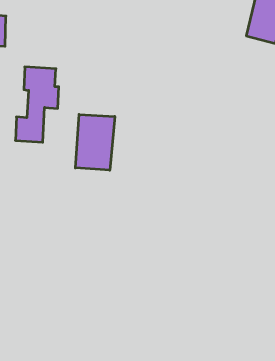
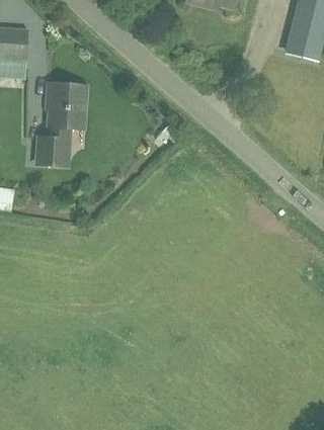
building: [75,114,115,170] -> none

